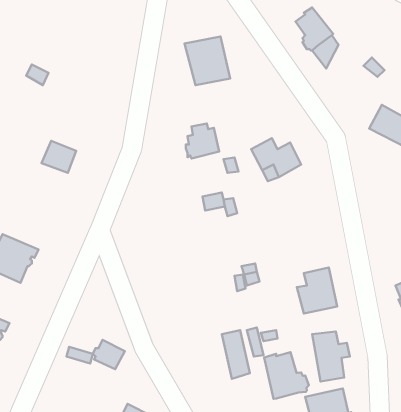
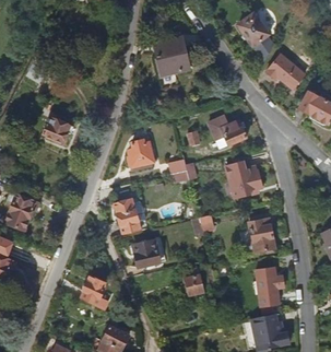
building: none -> [267,55,305,90]
building: [186,124,219,158] -> [127,140,153,167]
building: none -> [225,161,261,197]
building: none -> [114,200,144,234]
building: none -> [132,238,162,274]
building: [264,352,309,399] -> none

